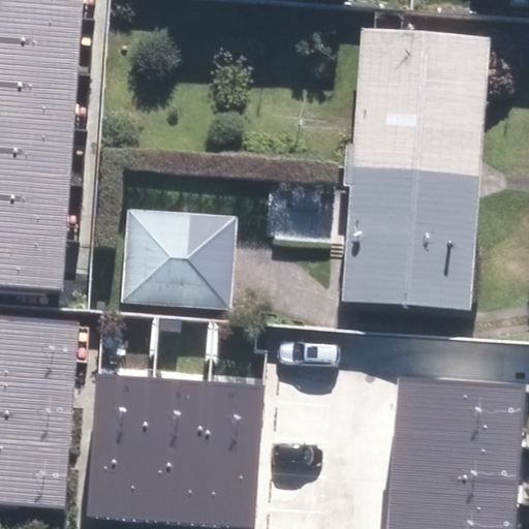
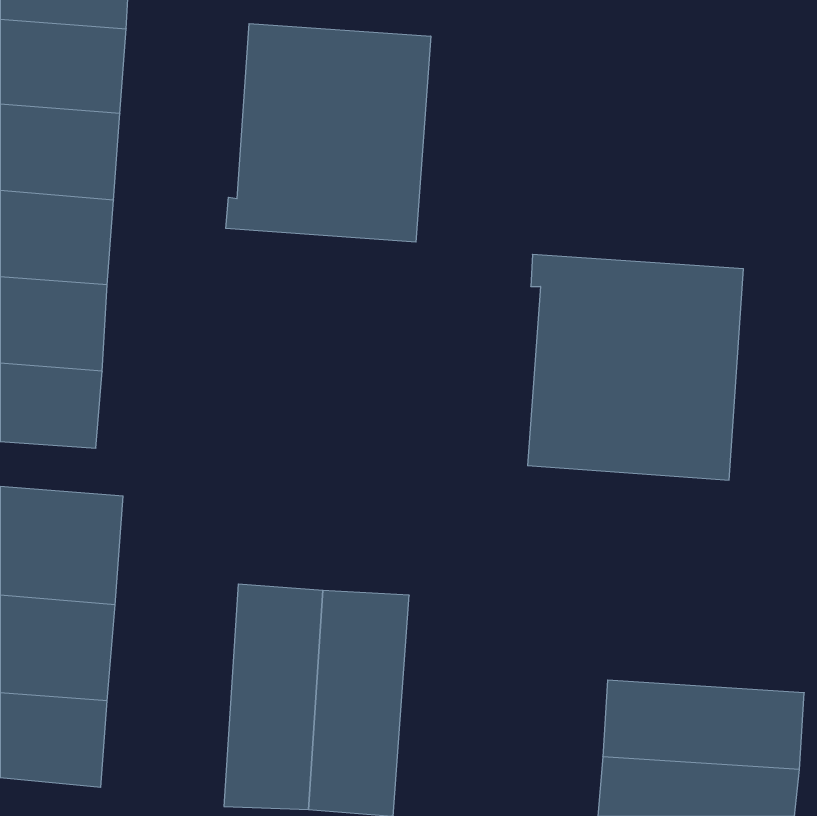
building: none -> [226,24,431,242]
building: [344,27,491,174] -> none
building: [124,215,238,311] -> none
building: [86,373,154,521] -> none
building: [393,375,524,447] -> none

